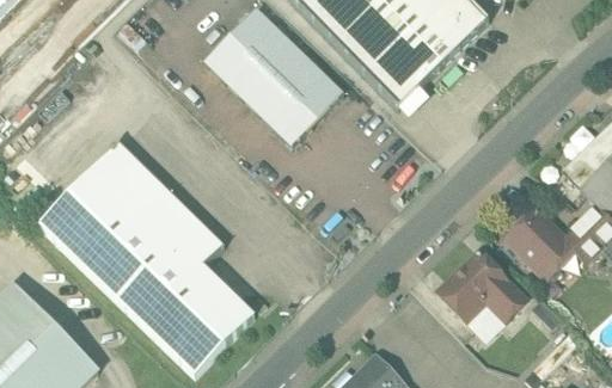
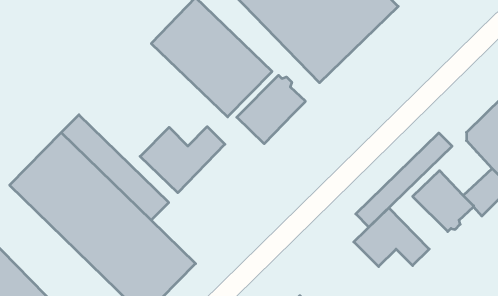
building: none -> [237,75,305,144]
building: none -> [140,127,225,193]
building: none -> [356,133,452,227]

